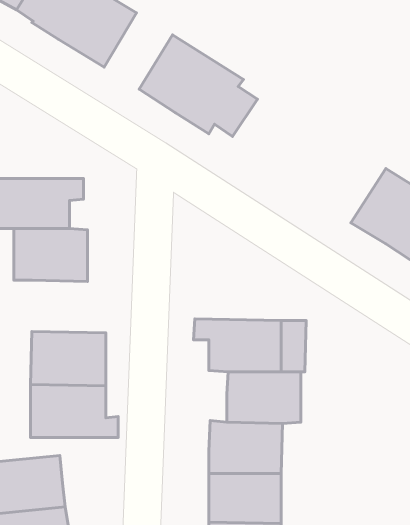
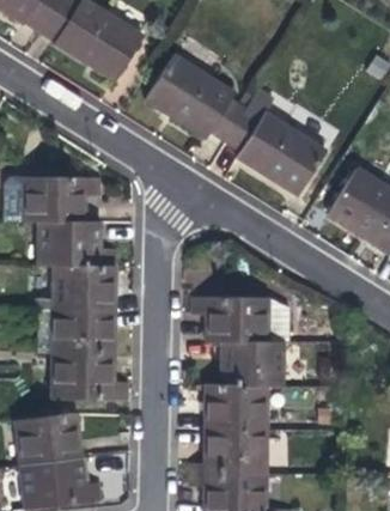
building: none -> [225,108,325,195]
building: none -> [53,263,116,309]

